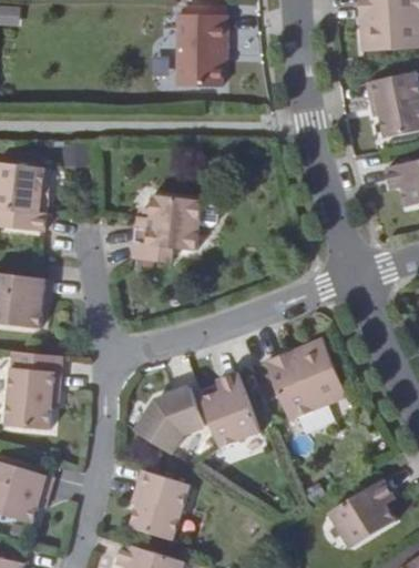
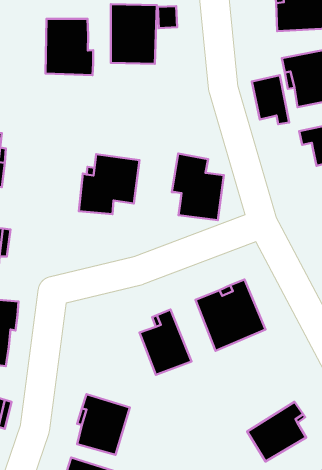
building: none -> [45,19,93,75]
building: none -> [252,75,289,124]
building: none -> [172,153,224,220]
building: [122,382,195,446] -> none

